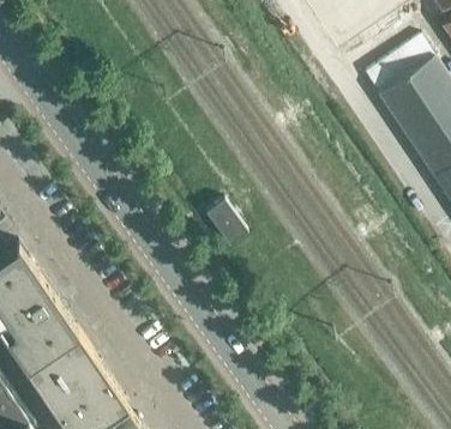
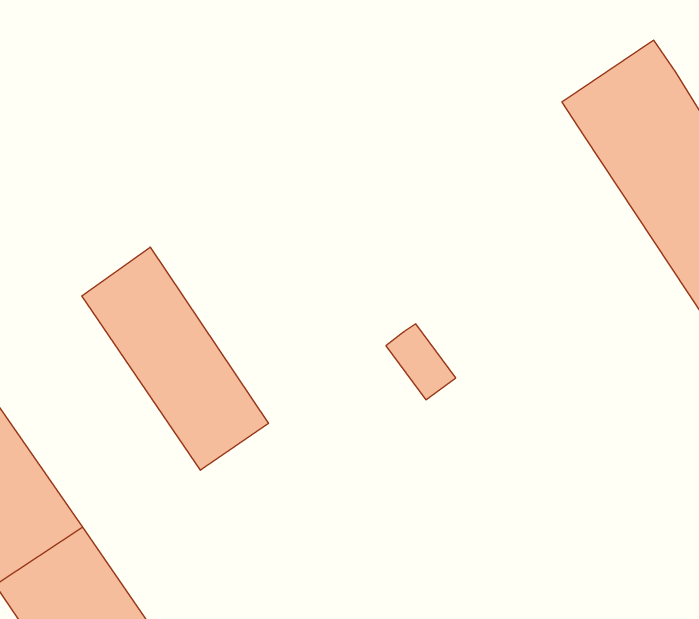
building: none -> [82,247,268,470]
building: [205,205,247,250] -> [386,324,456,400]

